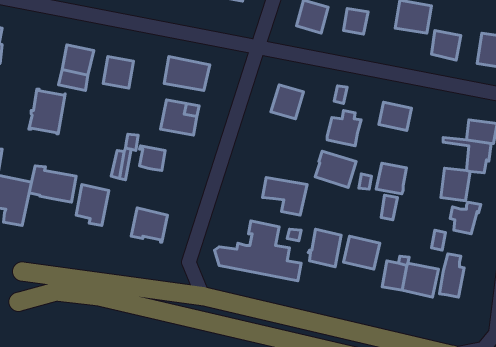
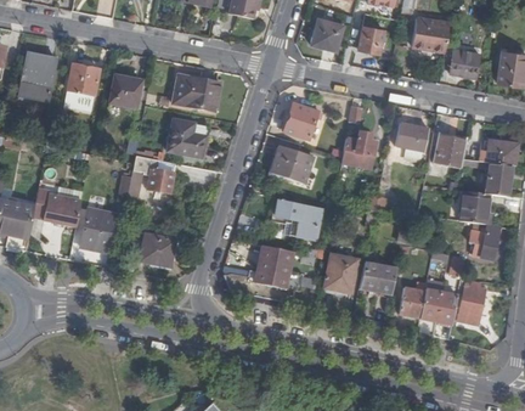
building: [29,89,65,134] -> [18,54,56,100]
building: [315,151,356,187] -> [271,146,314,184]
building: [376,163,407,194] -> [434,136,465,168]

